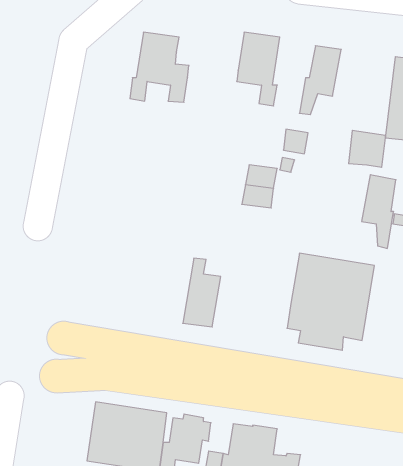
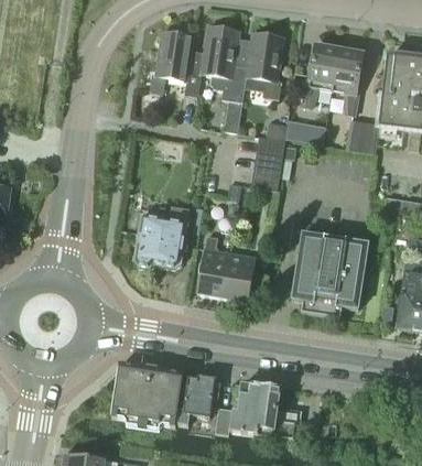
building: none -> [191,25,247,132]
building: none -> [257,121,286,154]
building: [362,175,396,248] -> [332,47,363,113]
building: none -> [134,206,190,268]
building: none -> [224,251,257,301]

